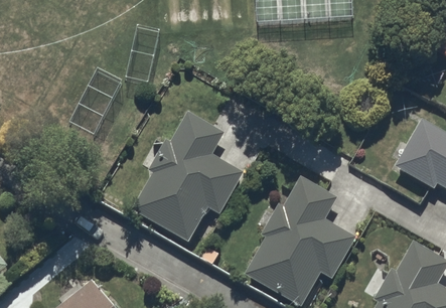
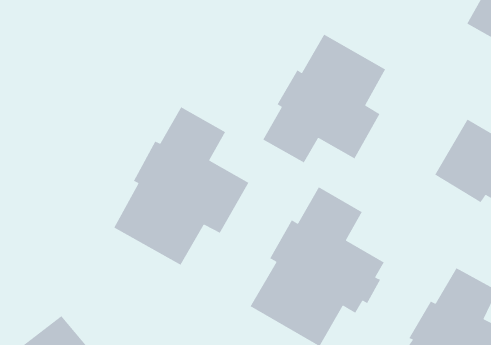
building: none -> [262,33,386,164]

